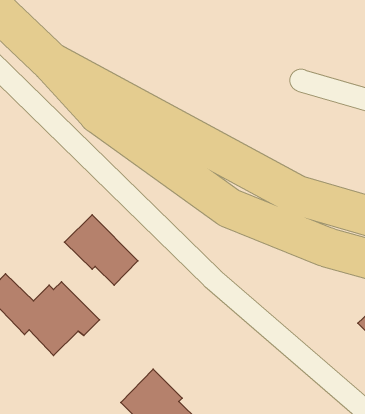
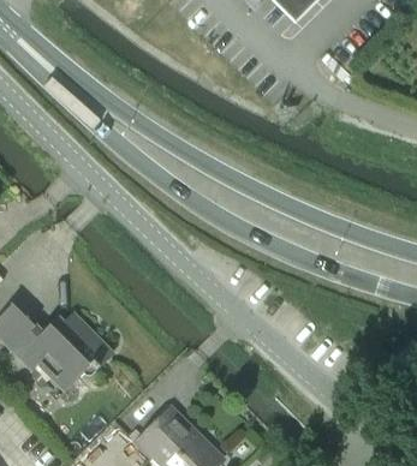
building: [65,215,138,285] -> none

